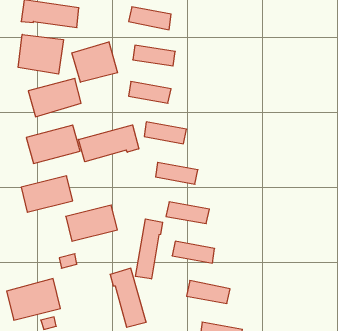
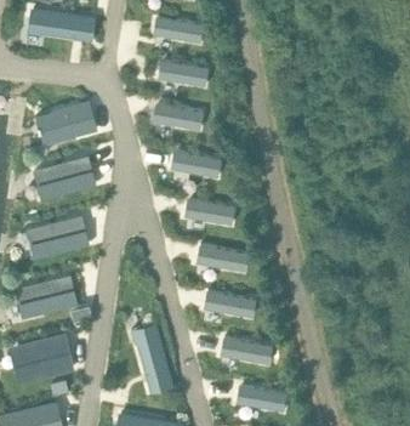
building: [18,34,63,74] -> none
building: [72,42,118,82] -> none
building: [78,125,139,162] -> none
building: [66,205,117,241] -> [16,276,76,318]
building: [135,219,163,279] -> none

